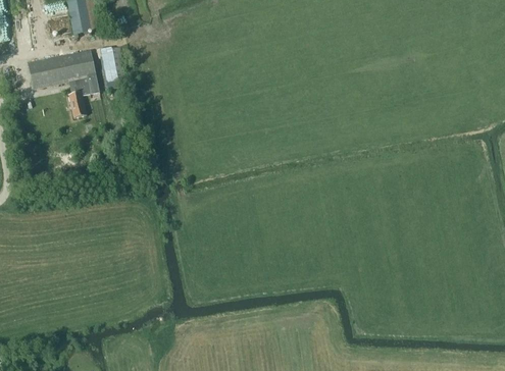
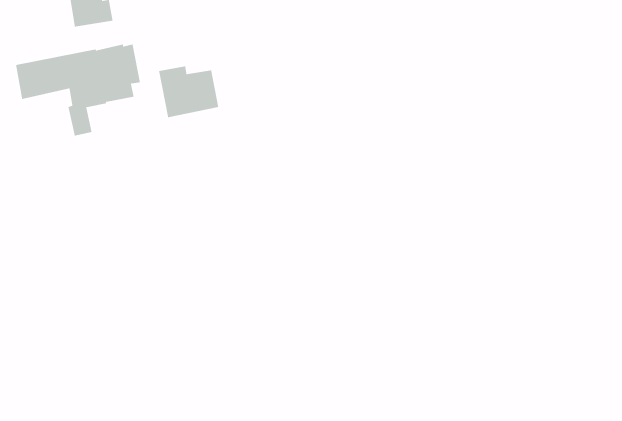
building: none -> [158,66,219,118]

